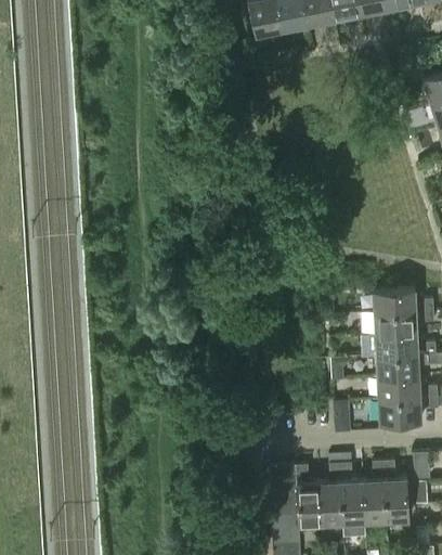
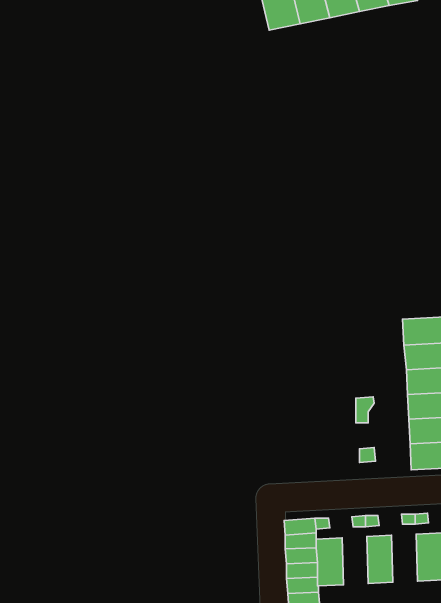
building: [363,479,386,521] -> none
building: [320,481,342,524] -> none

